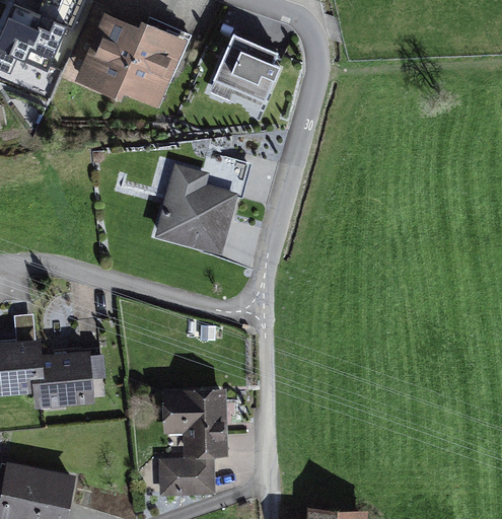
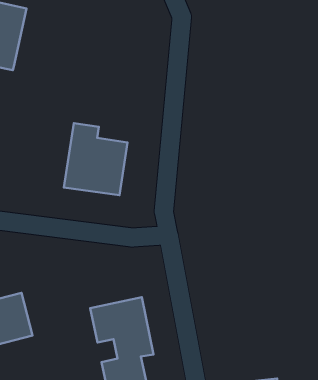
building: [118,23,187,108] -> none
building: [211,42,280,106] -> none

